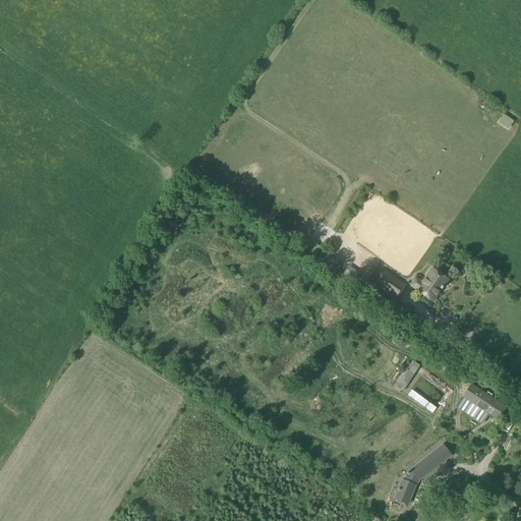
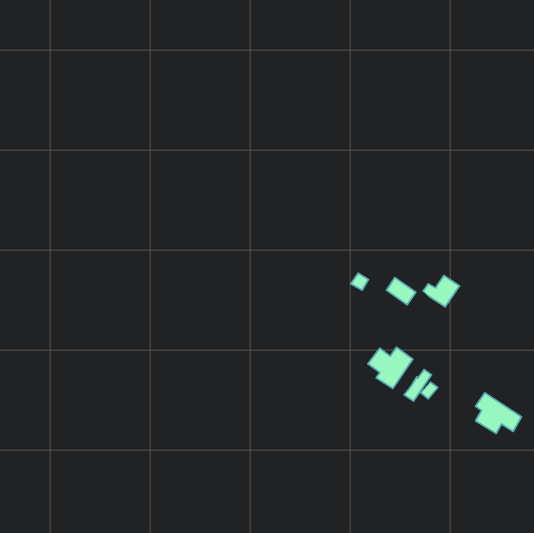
building: none -> [368,347,413,389]
building: [395,444,452,502] -> none

